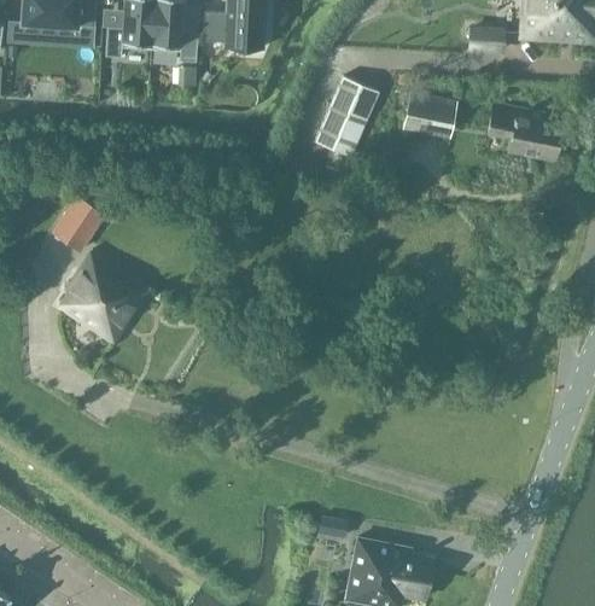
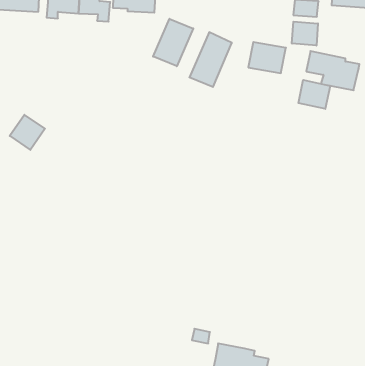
building: none -> [153,19,193,66]
building: none -> [292,22,318,46]
building: none -> [298,80,330,109]
building: [59,251,150,343] -> none

